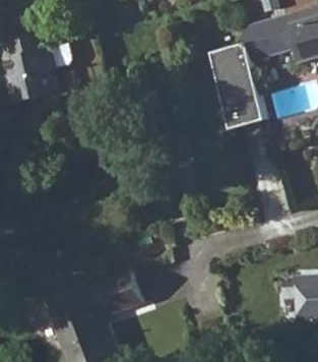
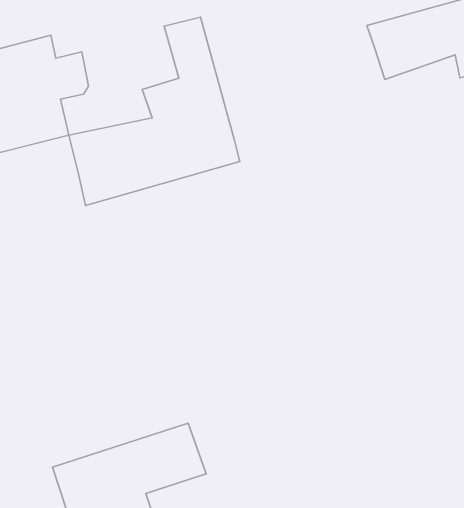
building: none -> [69,17,240,206]
building: [210,40,267,125] -> none

